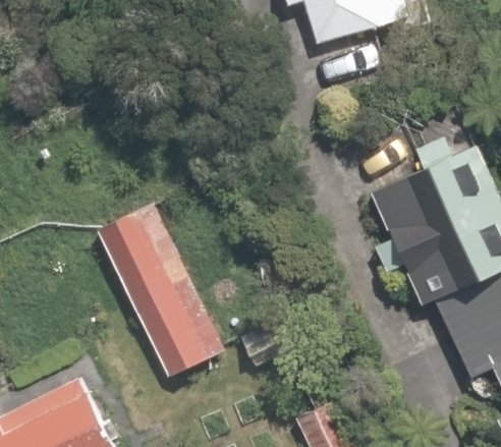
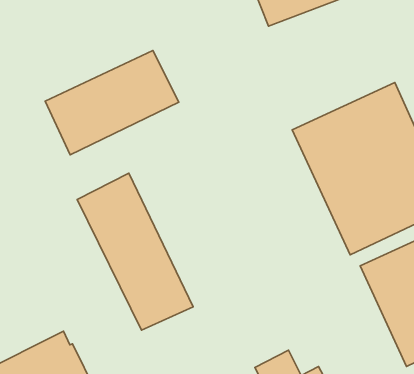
building: none -> [45,51,179,155]

